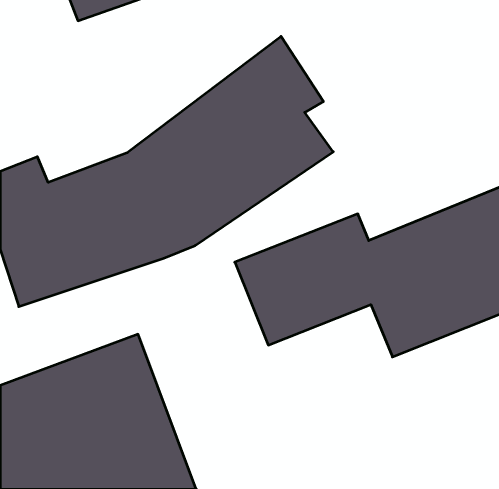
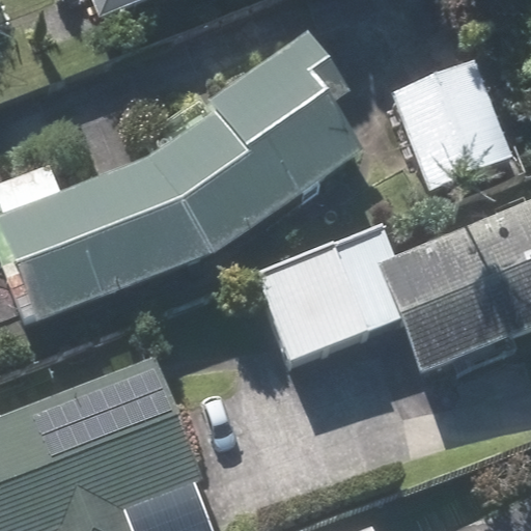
building: none -> [391,59,512,191]

